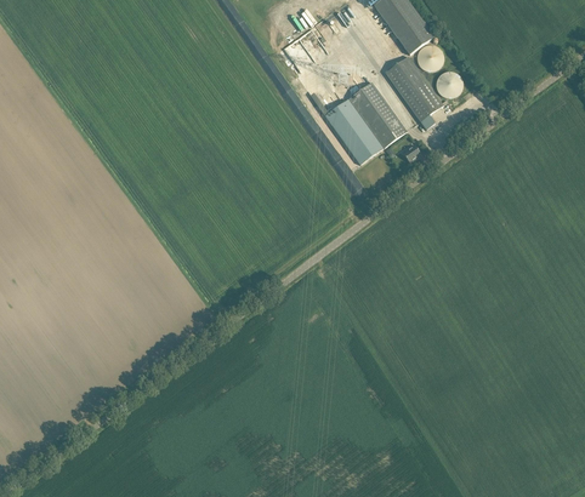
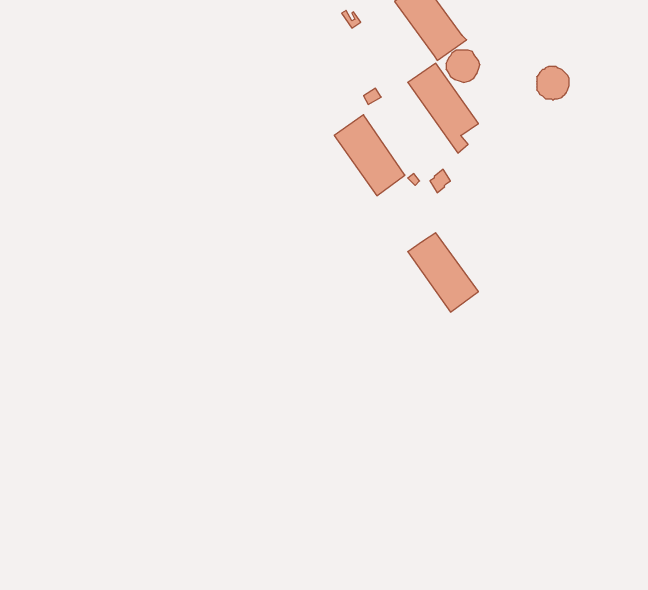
building: [436,70,462,98] -> [537,67,569,100]
building: [348,82,407,148] -> [408,233,478,312]

